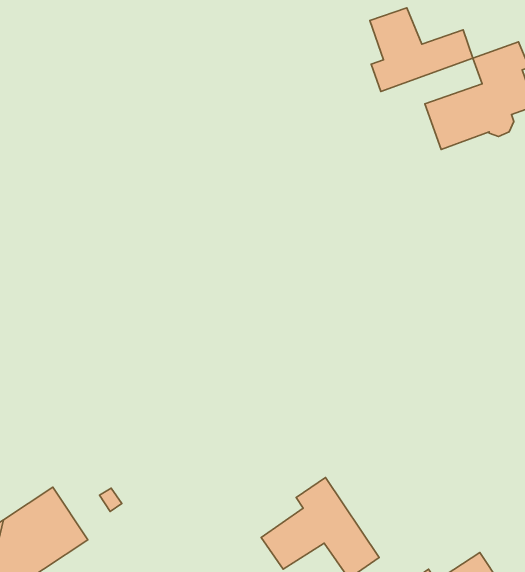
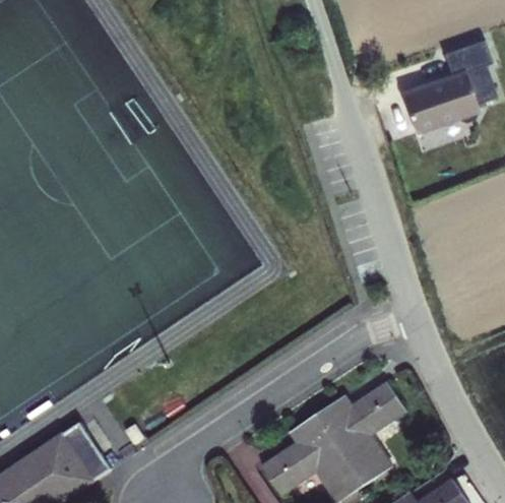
building: [370,8,473,91] -> none
building: none -> [316,383,404,484]

